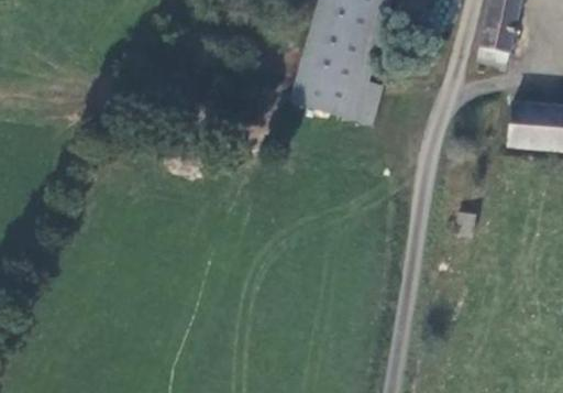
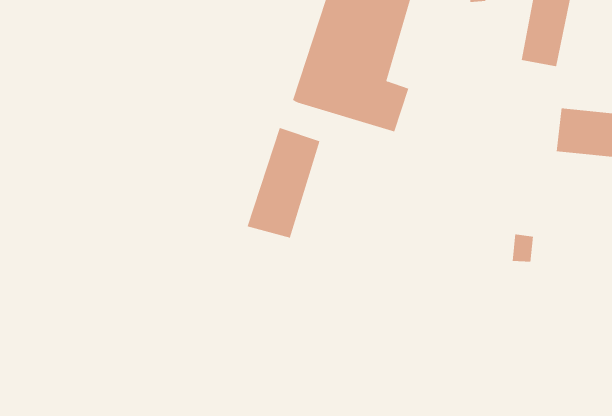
building: none -> [247,127,320,239]

